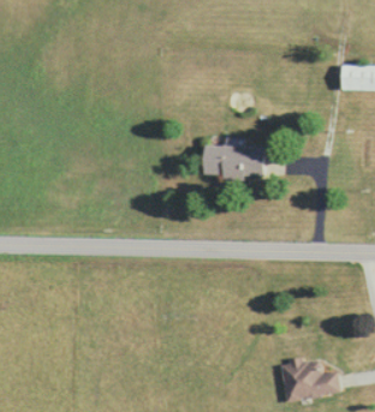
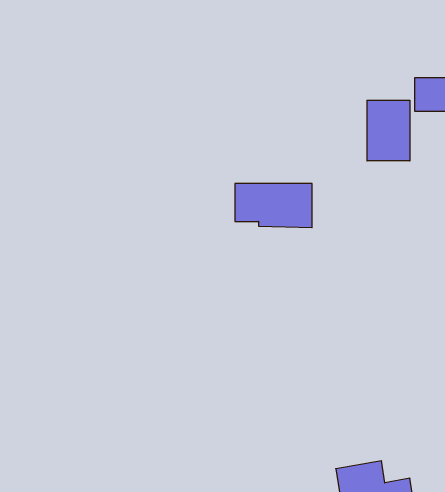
building: none -> [367,100,410,161]

